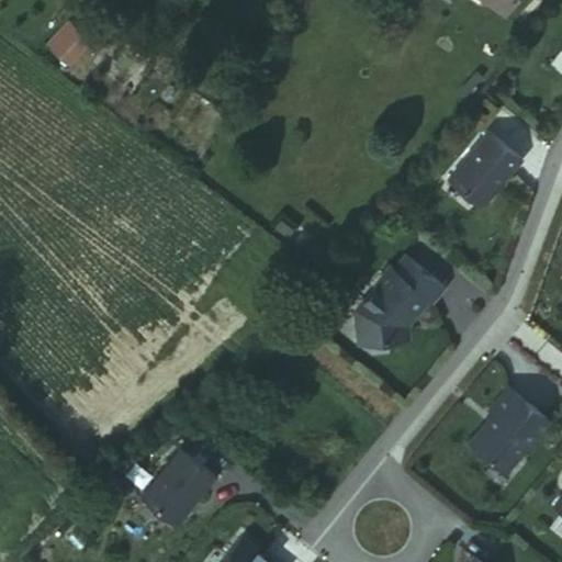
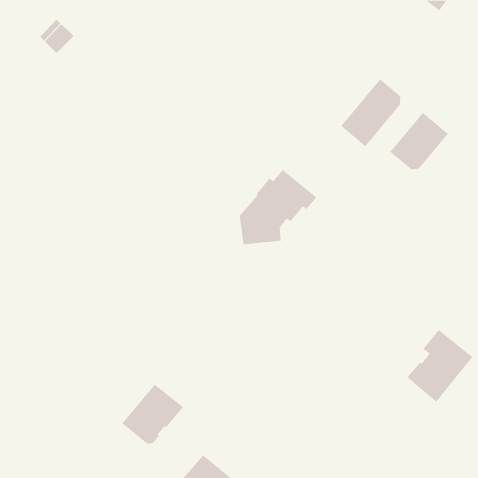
building: none -> [340,78,401,147]
building: [352,258,443,346] -> [239,169,317,245]

